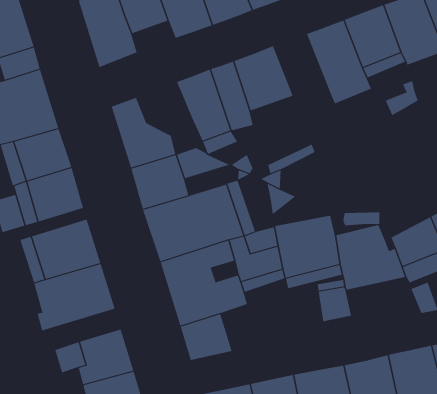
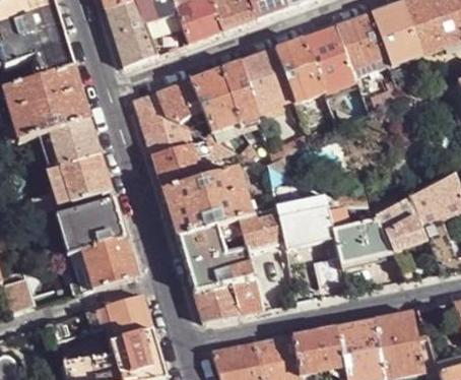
building: none -> [274,38,324,103]
building: none -> [155,79,203,123]
building: none -> [228,272,262,313]

